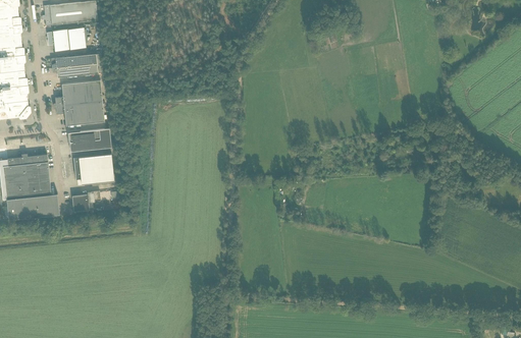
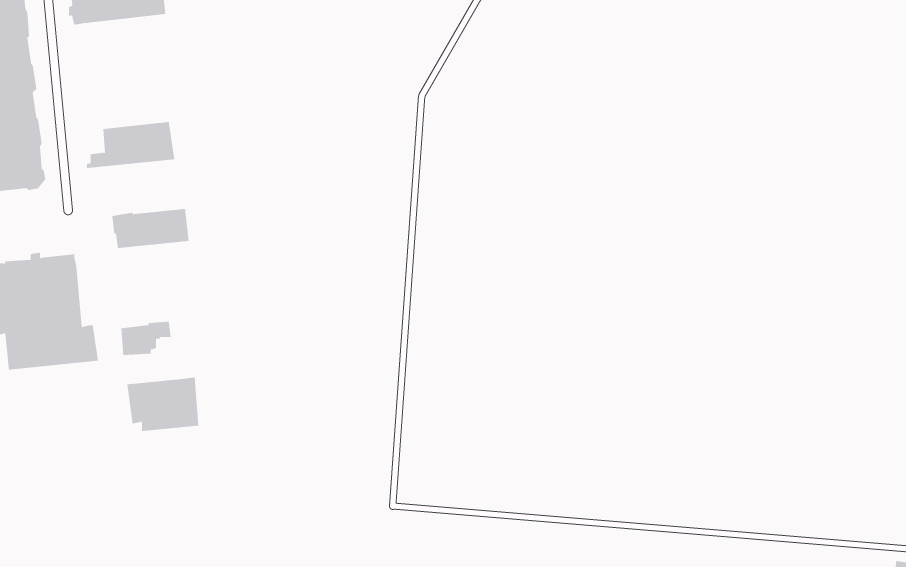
building: [46,27,85,51] -> none
building: [50,53,102,77] -> none
building: [52,101,104,125] -> none
building: [72,153,113,183] -> [127,377,199,431]

